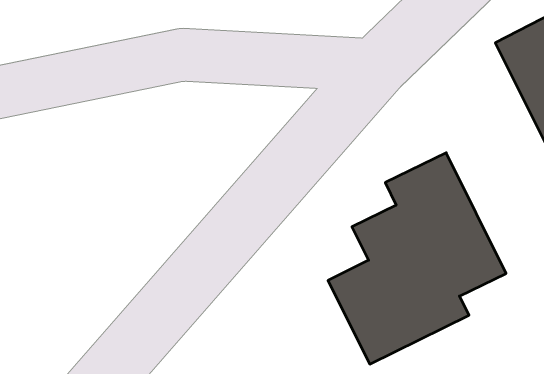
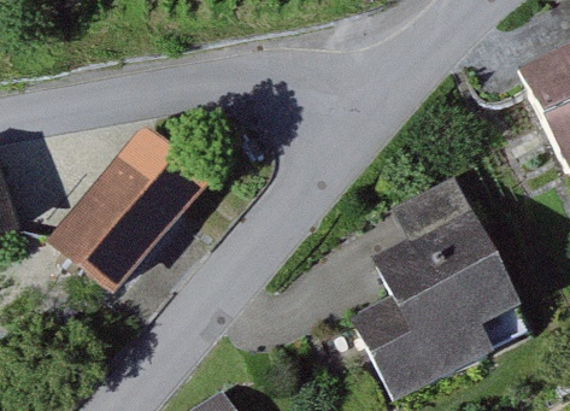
building: none -> [51,159,184,294]

